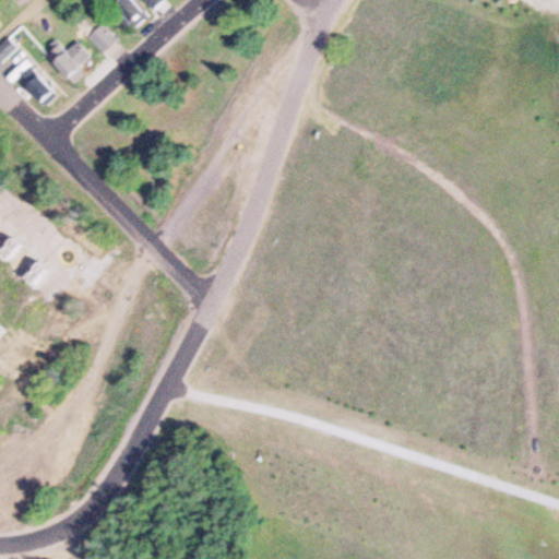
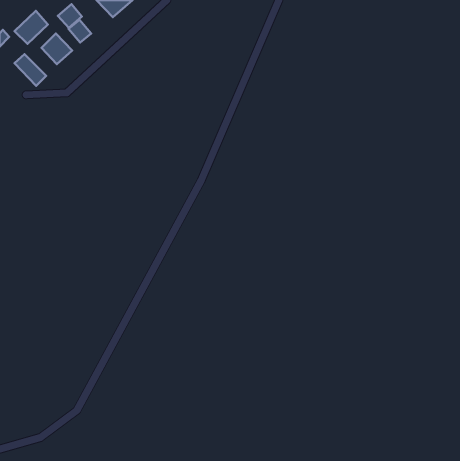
building: none -> [58,4,82,28]
building: none -> [14,11,48,44]

